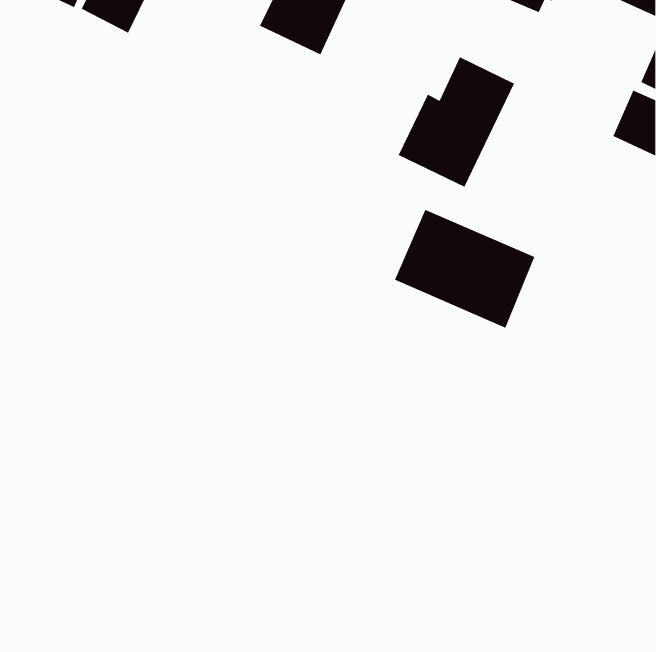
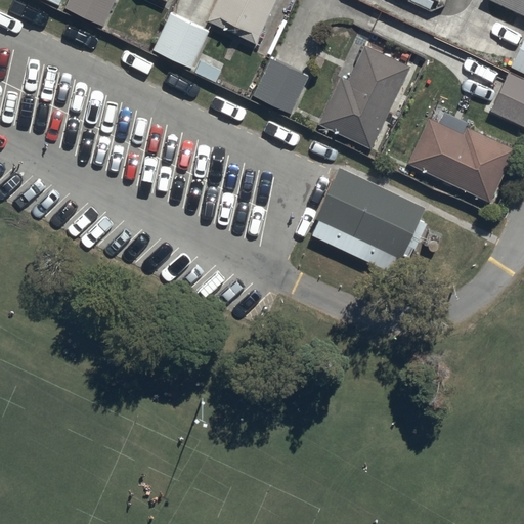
building: none -> [154,11,210,68]
building: none -> [251,58,309,115]
building: none -> [409,119,515,201]

